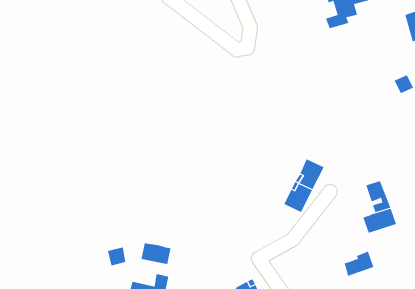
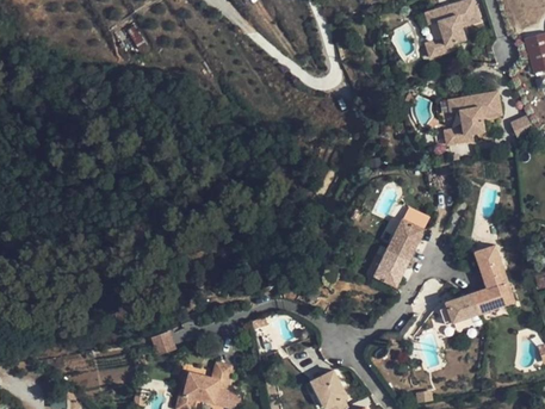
building: none -> [444,94,501,144]
building: [141,242,171,265] -> none
building: [344,251,374,277] -> [440,292,478,324]

